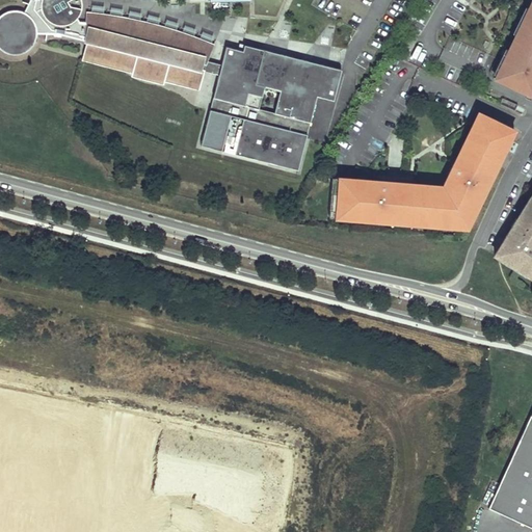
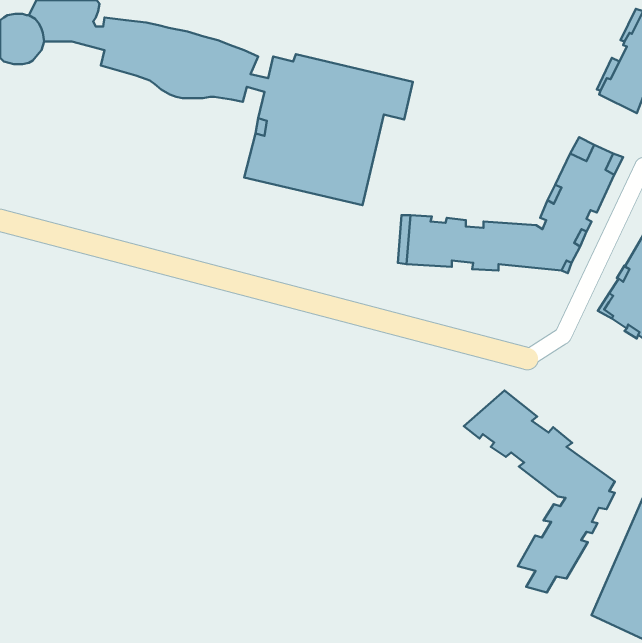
building: none -> [464,390,615,592]

